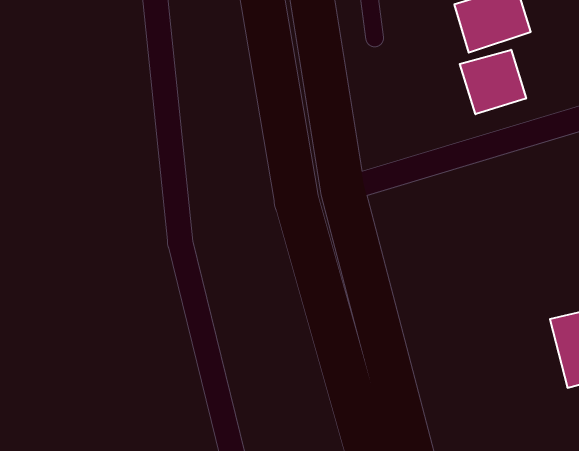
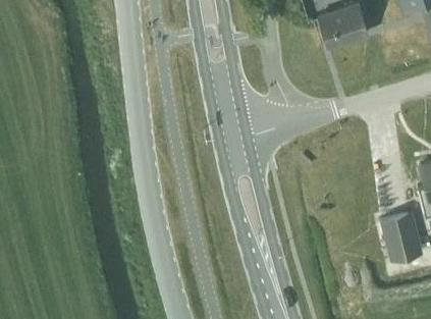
building: [460,50,526,114] -> none

